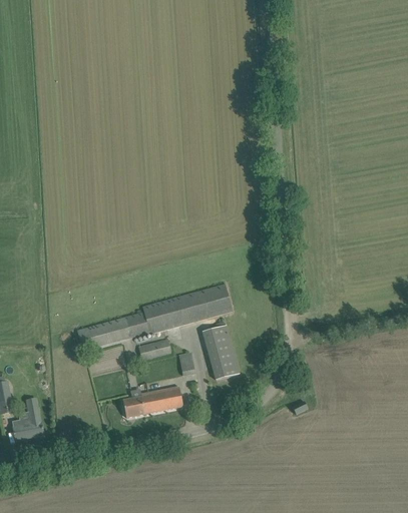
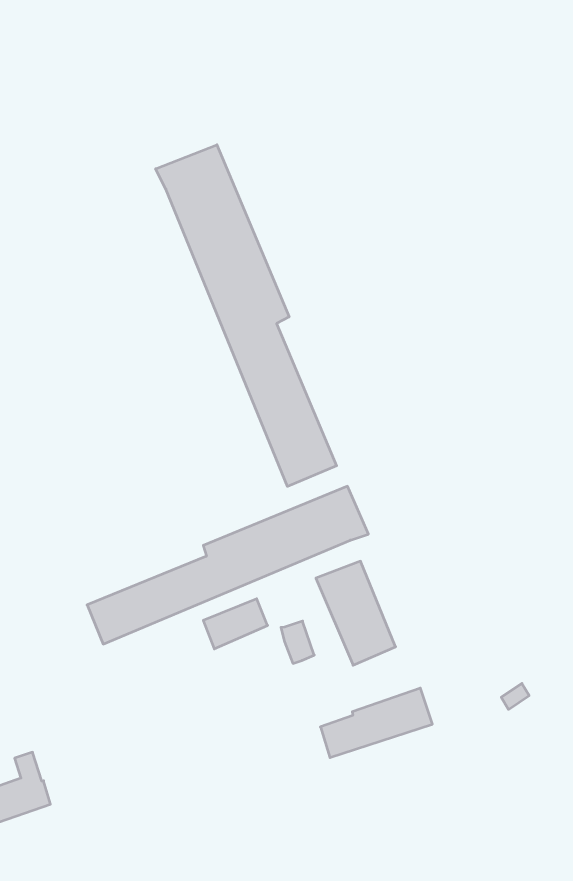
building: none -> [156,145,337,486]
building: [123,386,183,417] -> [320,688,432,758]

